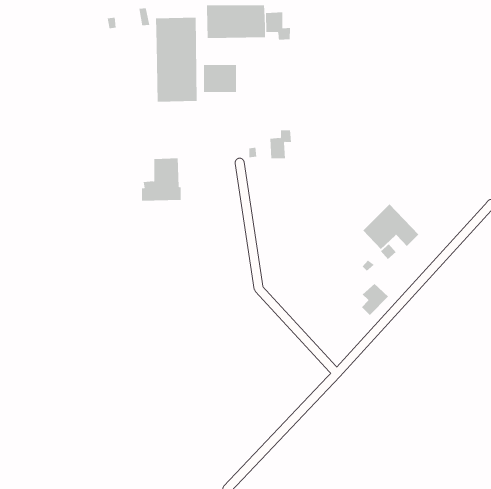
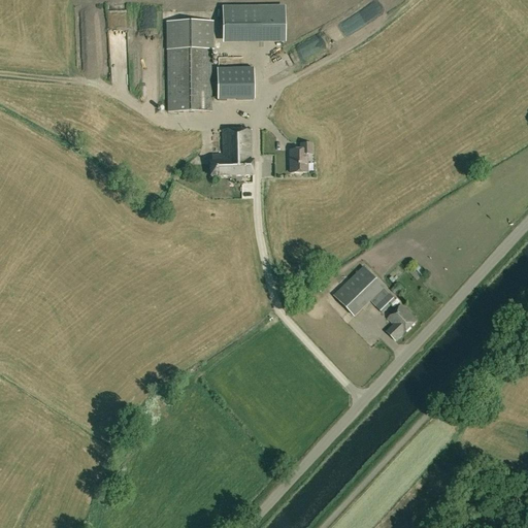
building: [266,11,290,41] -> none
building: [141,158,181,201] -> [209,127,253,173]
building: [362,204,419,250] -> [335,264,396,314]

